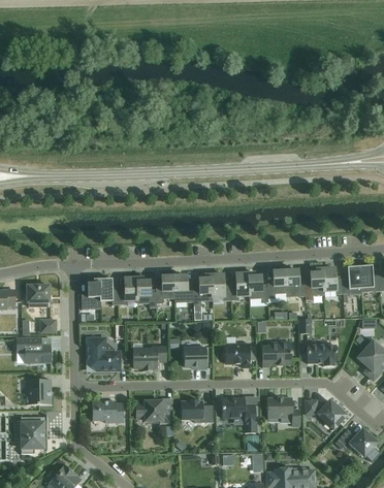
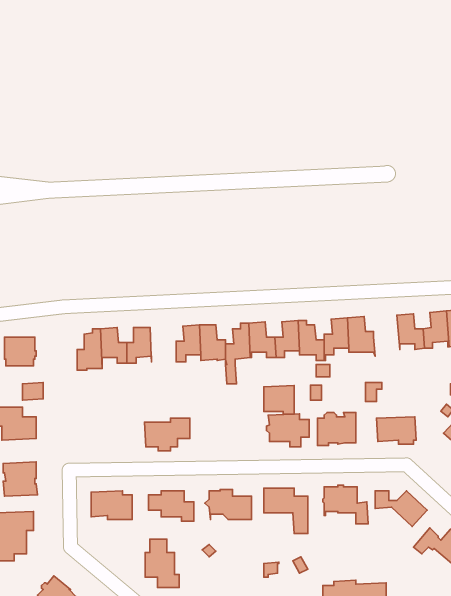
building: [305,268,324,299] -> none
building: [136,276,156,307] -> none
building: [87,337,120,370] -> none
building: [184,347,206,368] -> [264,385,294,414]
building: none -> [145,539,179,588]

